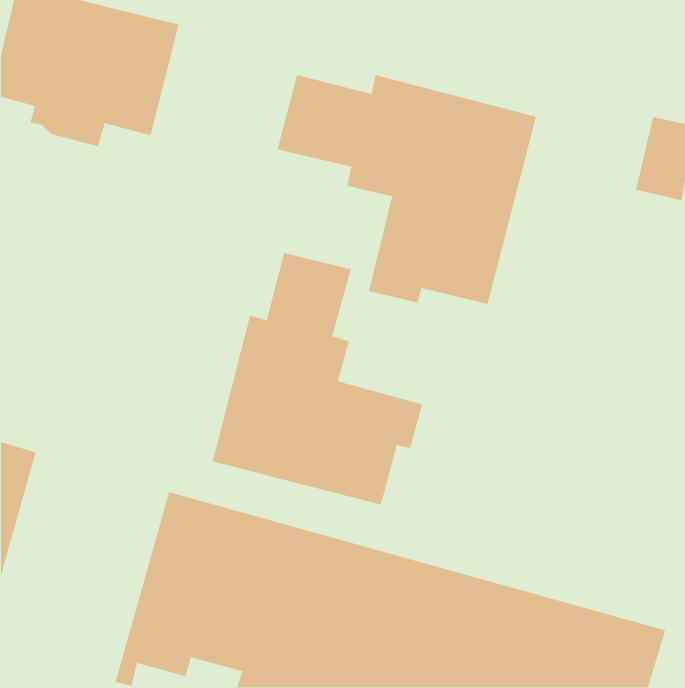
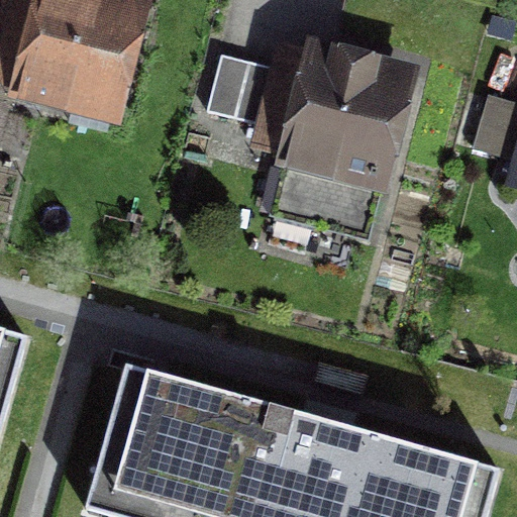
building: [212,252,423,505] -> none

